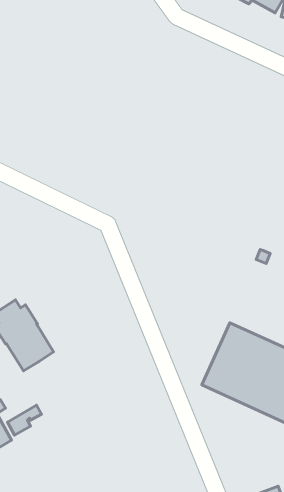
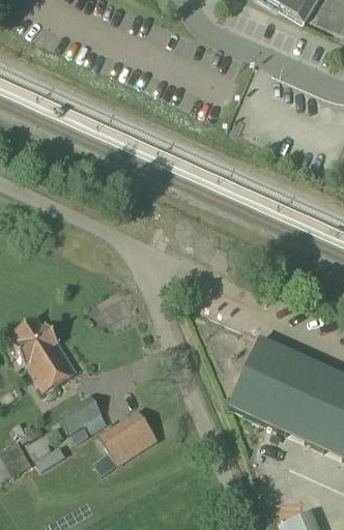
building: none -> [58,391,108,433]
building: none -> [101,411,157,464]

